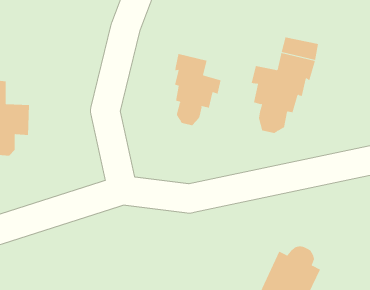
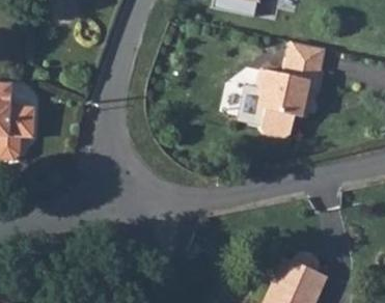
building: [175,53,221,126] -> none

